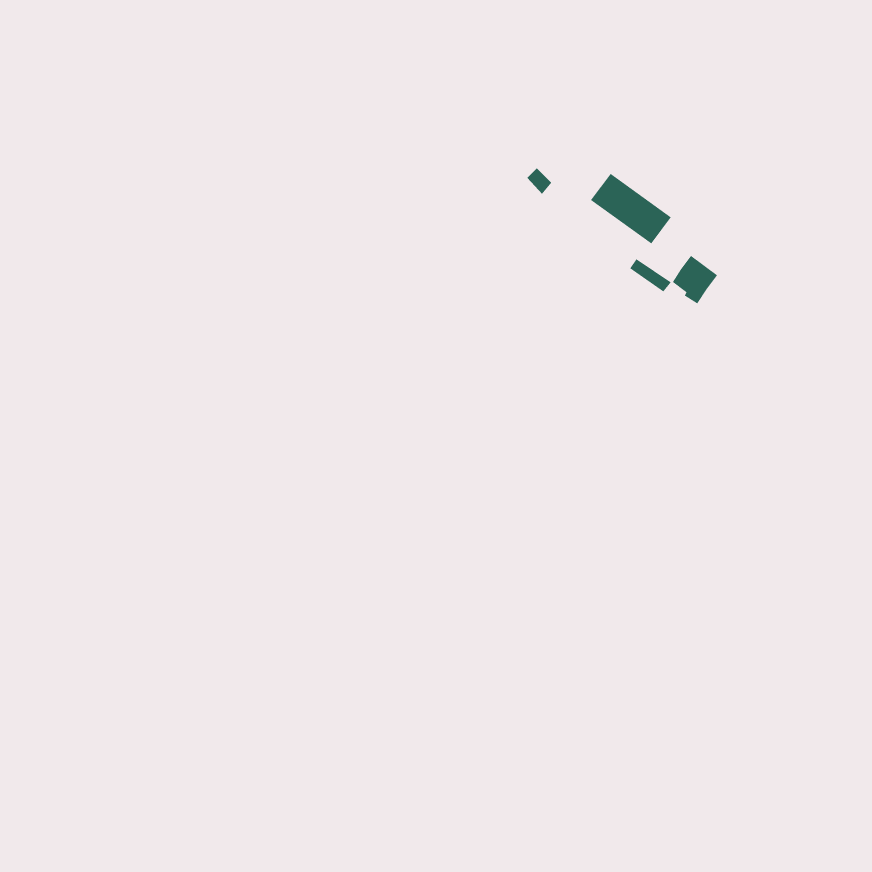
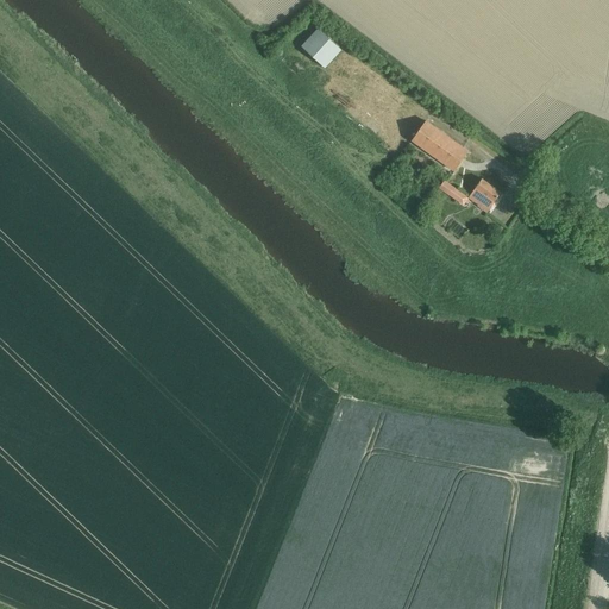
building: none -> [303,29,344,69]

